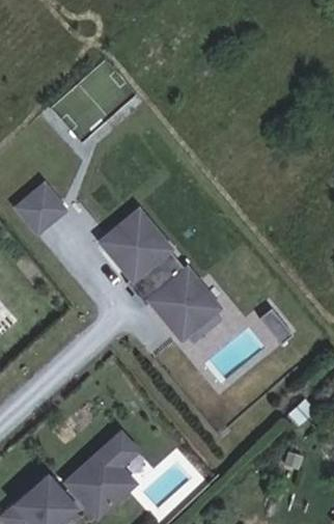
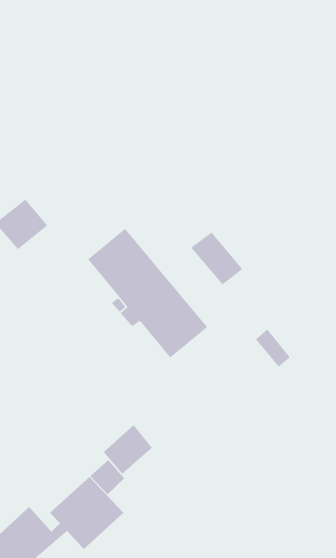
building: none -> [190,231,243,285]
building: none -> [103,424,153,475]

